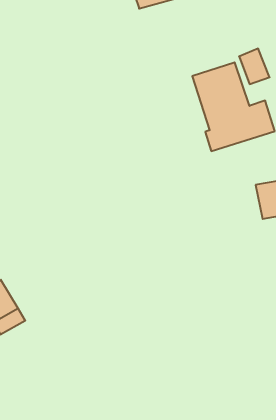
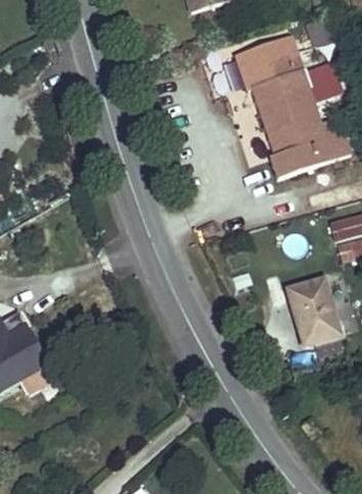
building: none -> [236,37,303,91]
building: none -> [288,279,341,347]

